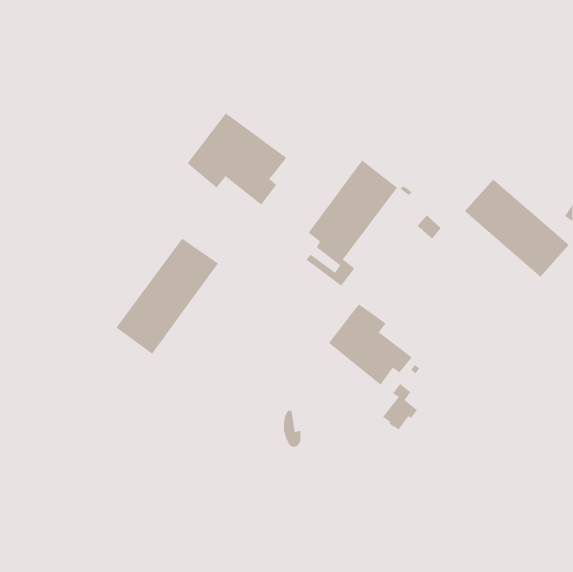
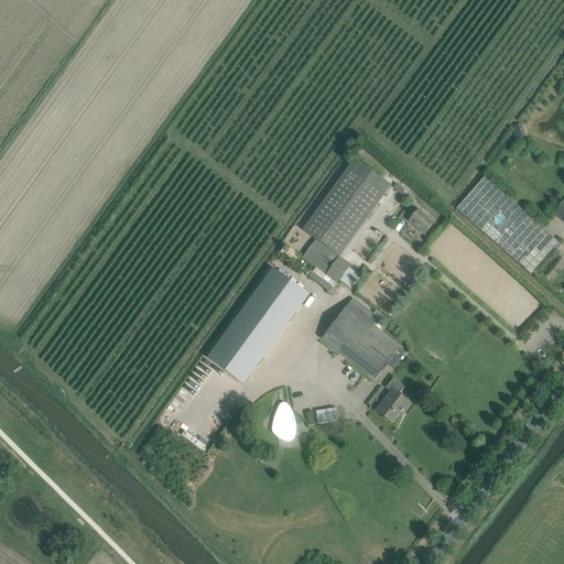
building: [187,112,287,205] -> none
building: [115,238,219,355] -> [207,268,308,382]

